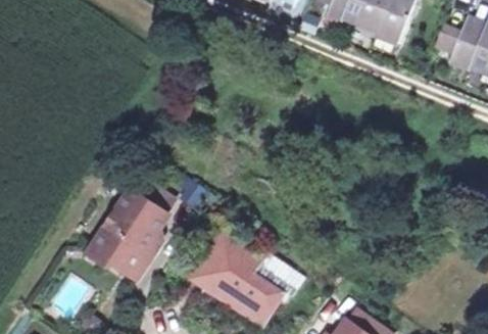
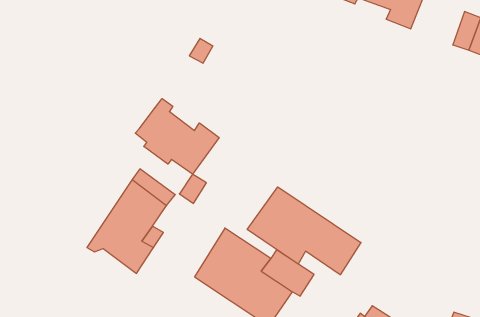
building: none -> [135,99,219,174]
building: none -> [247,187,361,275]

